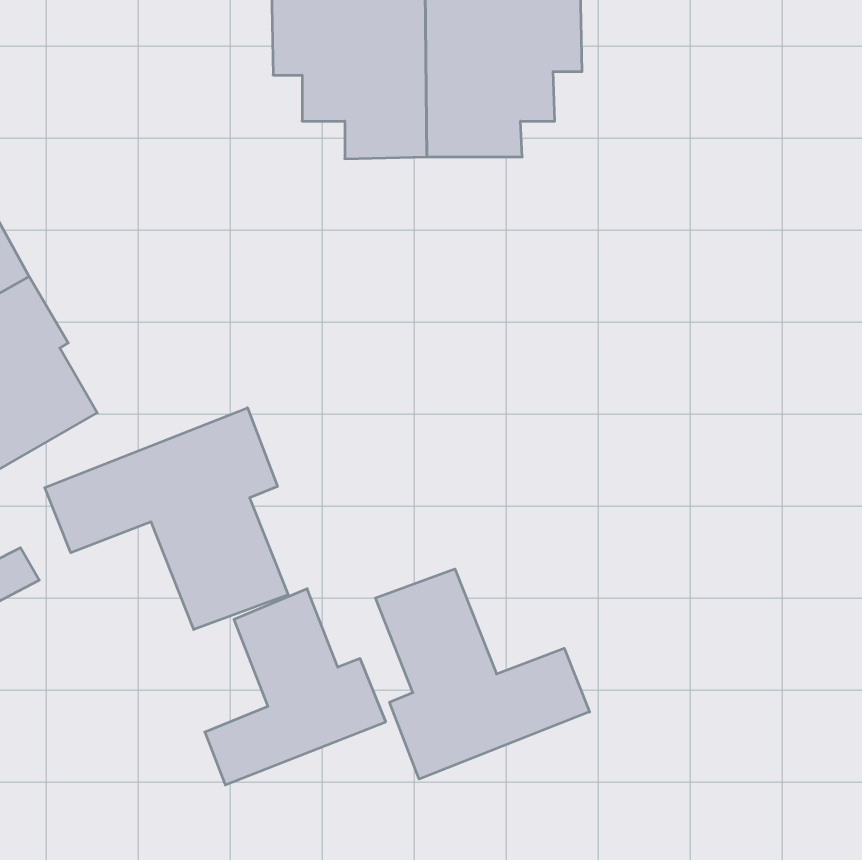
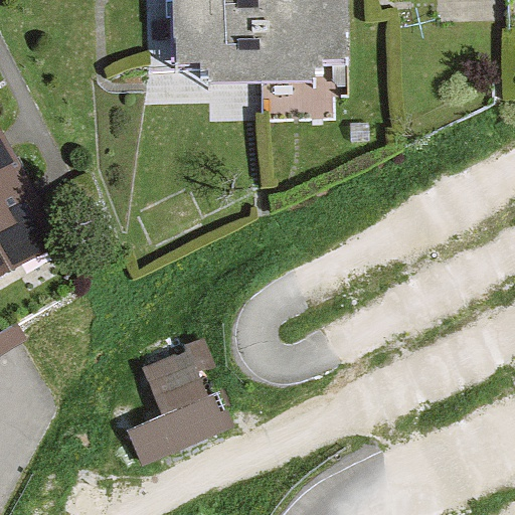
building: [45,408,288,630] -> none
building: [375,569,590,779] -> none

